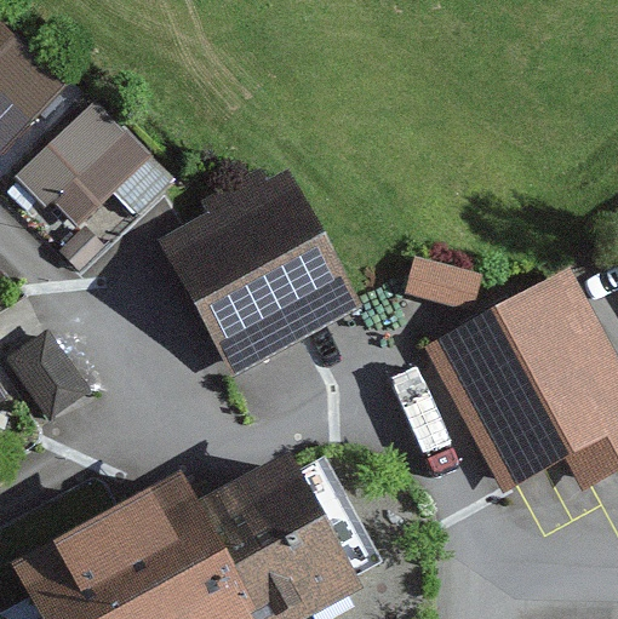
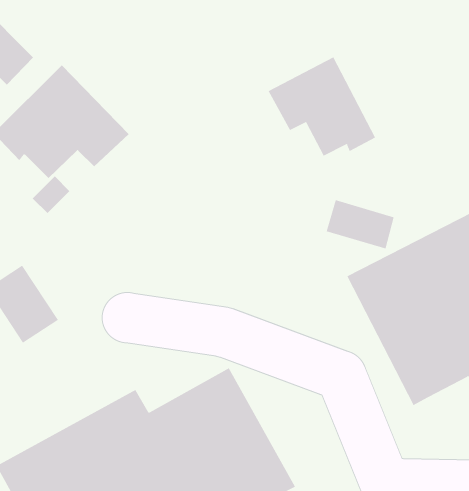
building: none -> [268,56,376,156]
building: [159,171,362,376] -> none

